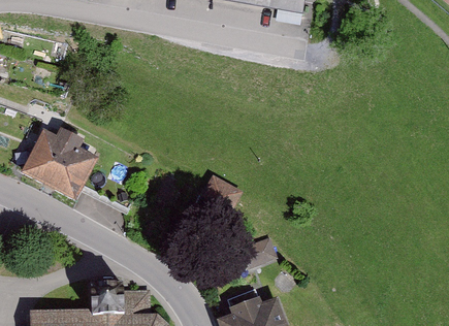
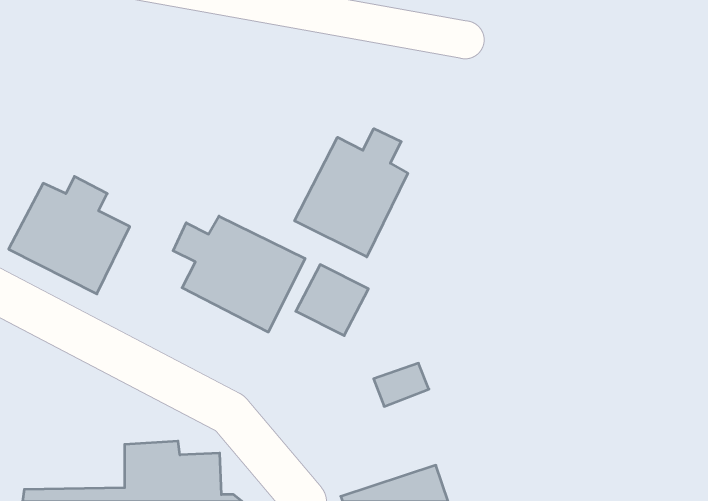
building: none -> [295,129,408,257]
building: none -> [173,216,305,332]

